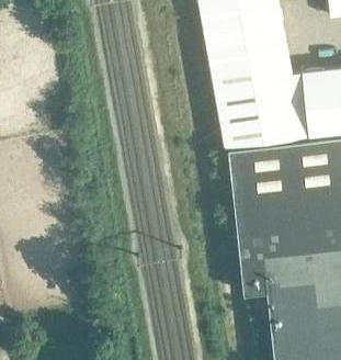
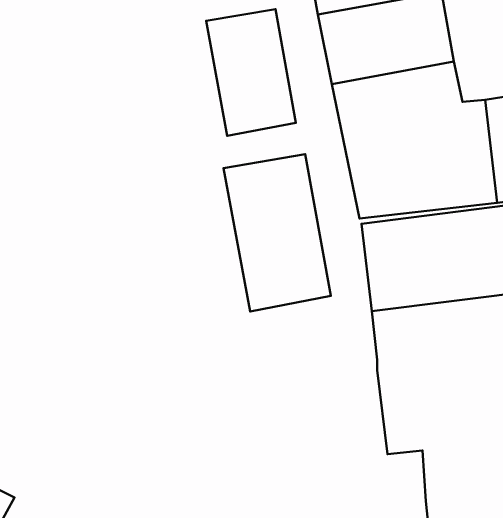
building: none -> [206,9,296,136]
building: none -> [223,154,331,312]

